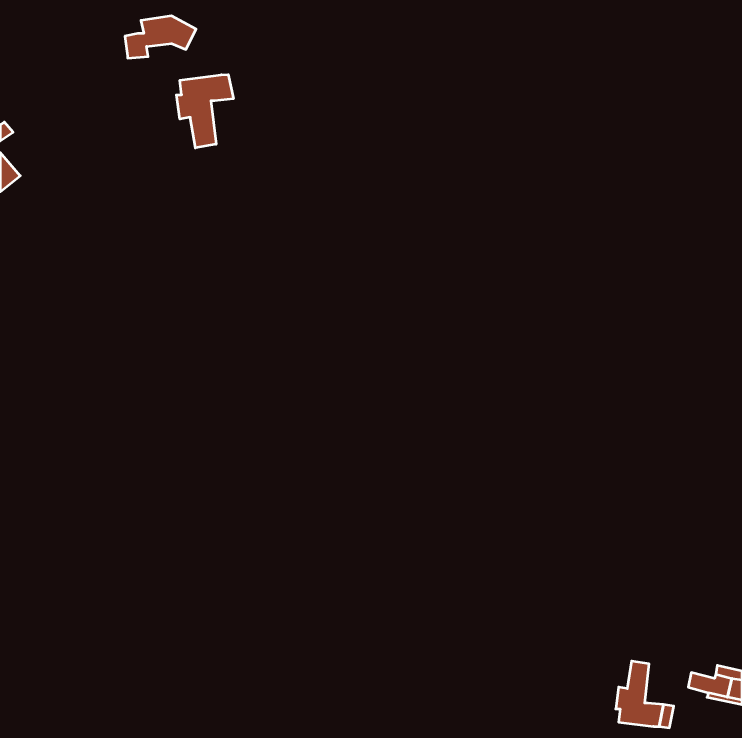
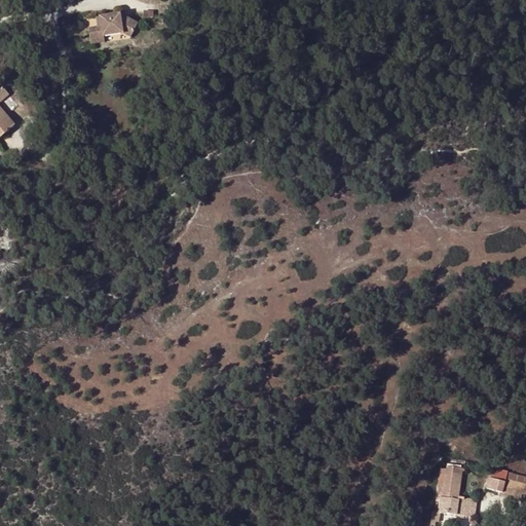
building: [176,75,233,148] -> none

